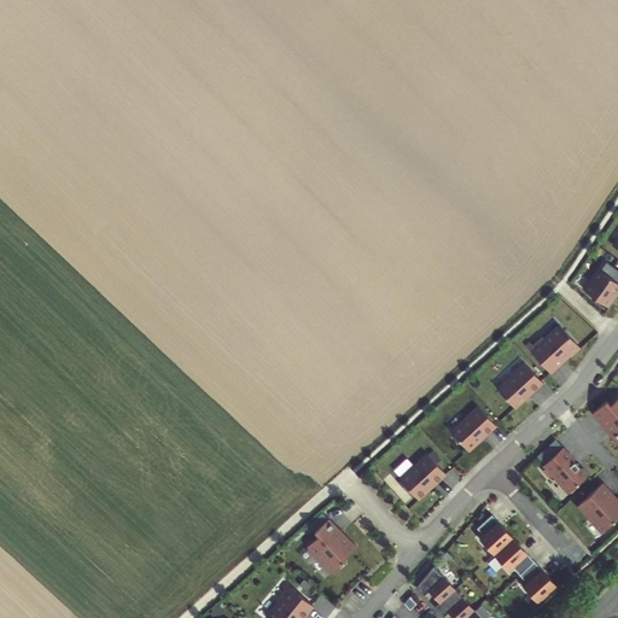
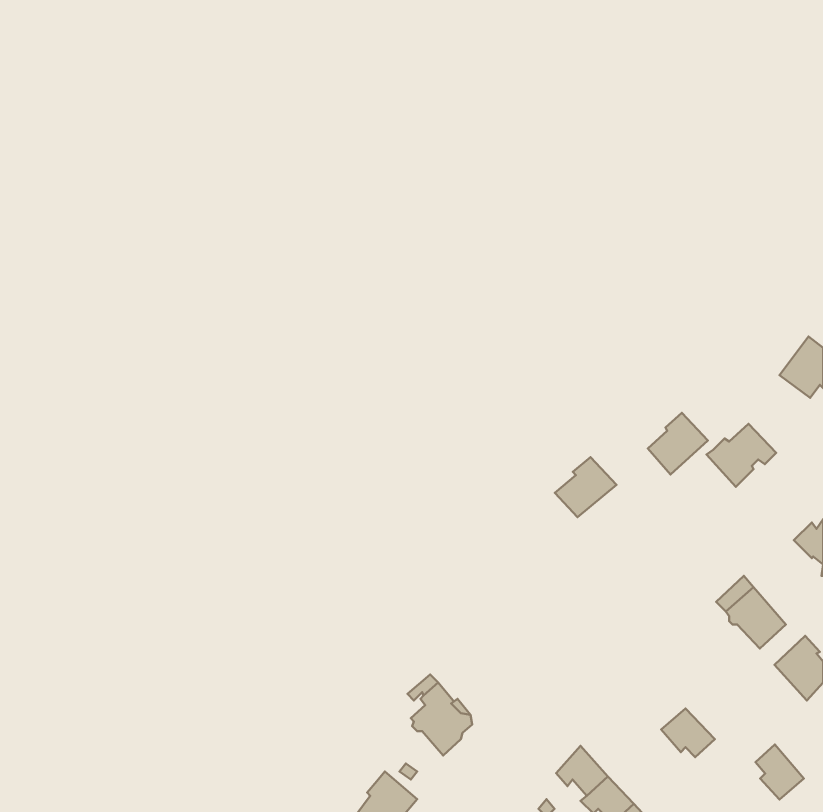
building: [497,363,542,409] -> [648,413,708,474]
building: [450,407,496,451] -> [555,457,616,517]
building: [400,454,445,501] -> none
building: [477,517,512,555] -> none
building: [519,562,555,604] -> [755,744,804,799]

